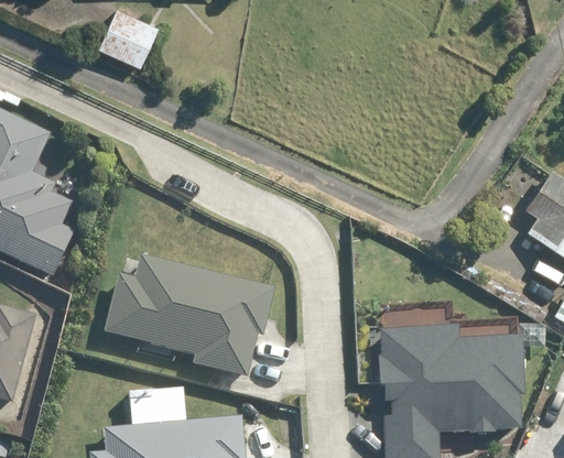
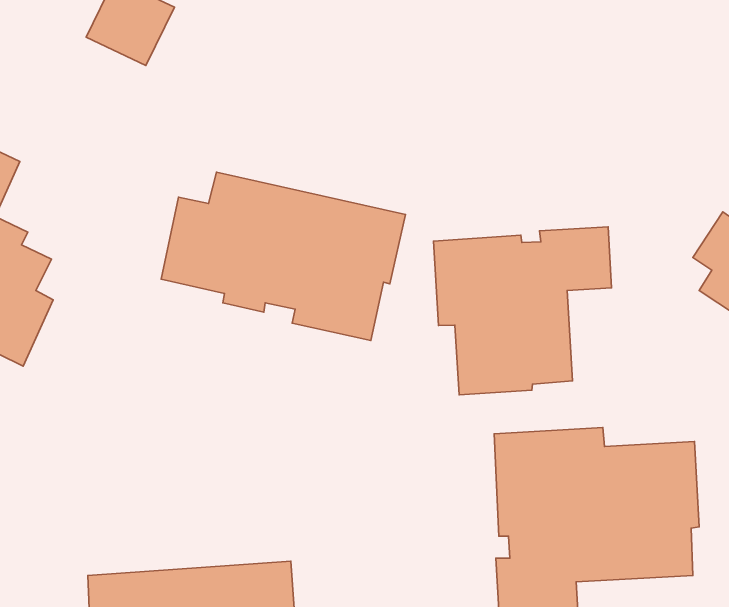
building: none -> [434,227,611,395]
building: [99,255,270,373] -> [161,172,406,341]

